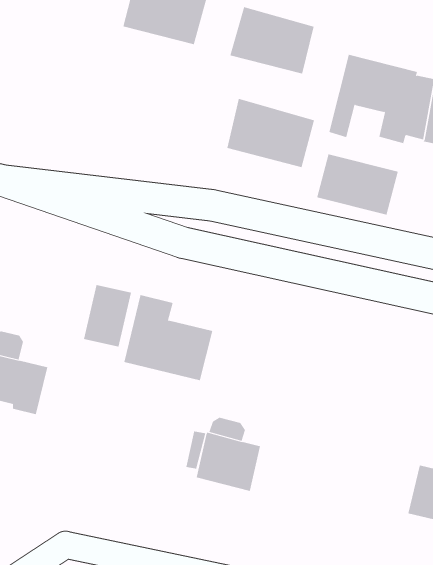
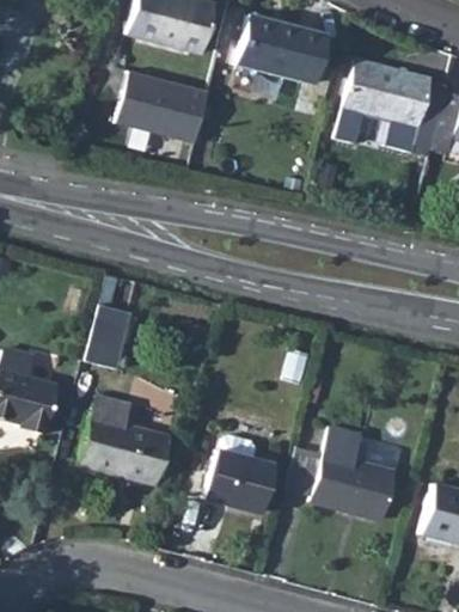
building: [226,98,315,168] -> [117,67,208,139]
building: [317,154,398,215] -> none
building: [124,295,213,381] -> [78,398,170,486]
building: none -> [312,428,397,520]

